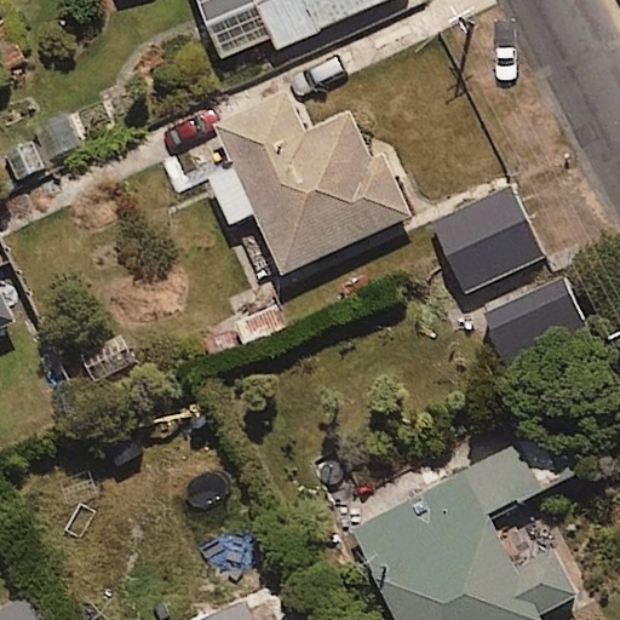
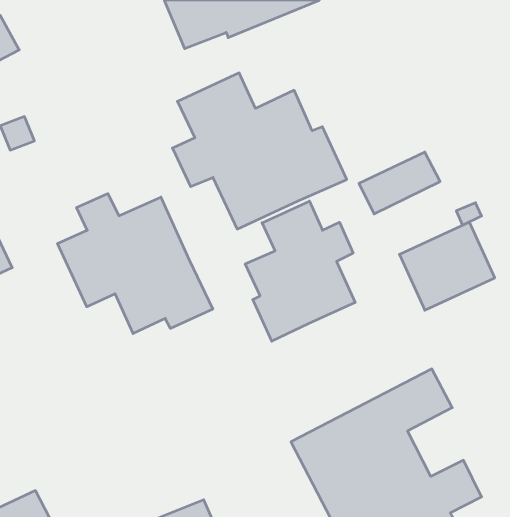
building: none -> [58,194,213,334]
building: none -> [245,201,355,341]

